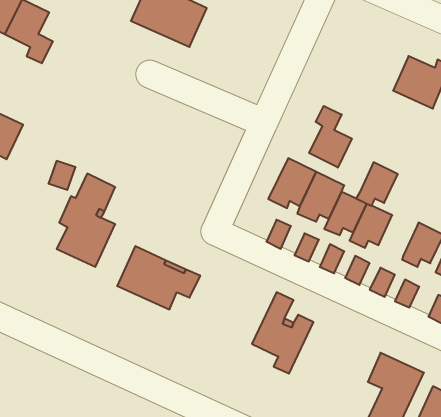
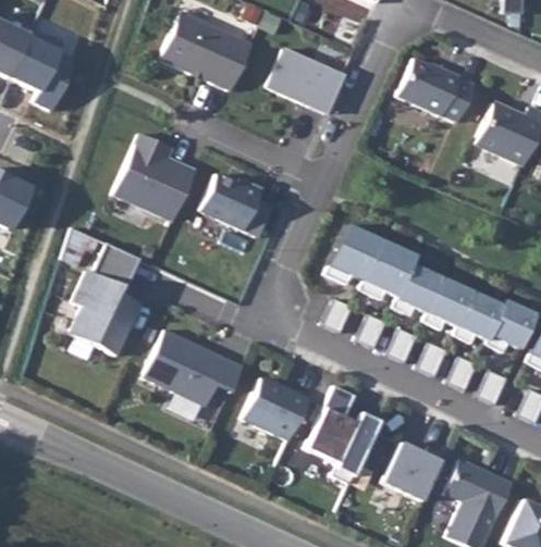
building: none -> [267,49,344,114]
building: none -> [397,57,460,115]
building: none -> [115,129,197,215]
building: [309,106,352,168] -> none
building: none -> [201,172,262,229]
building: [356,162,398,206] -> [454,293,504,345]
building: none -> [243,377,309,439]
building: none -> [382,442,446,499]

